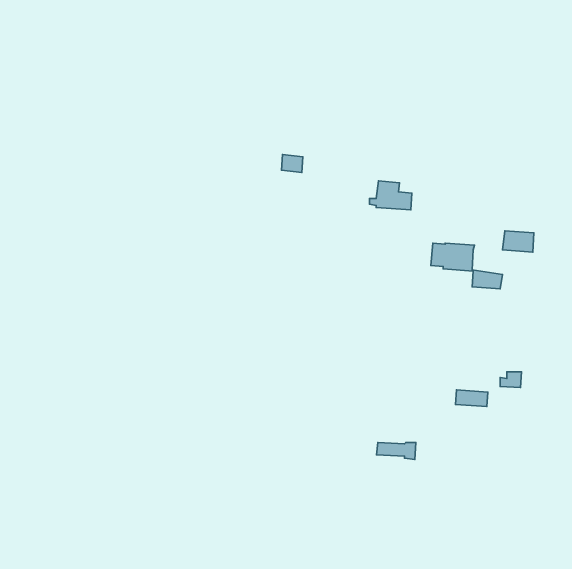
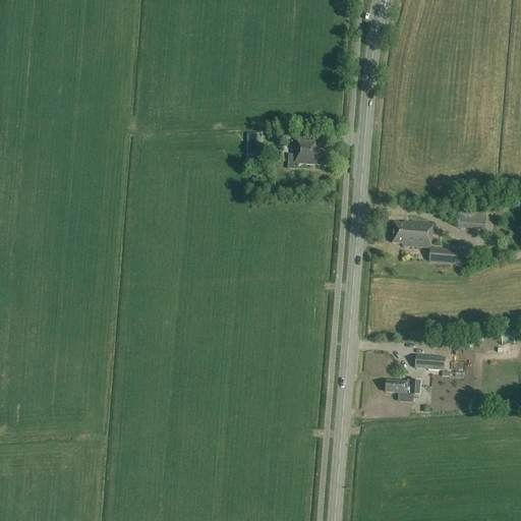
building: [369,181,412,210] -> [287,137,326,164]
building: [377,443,416,459] -> [384,380,419,395]

